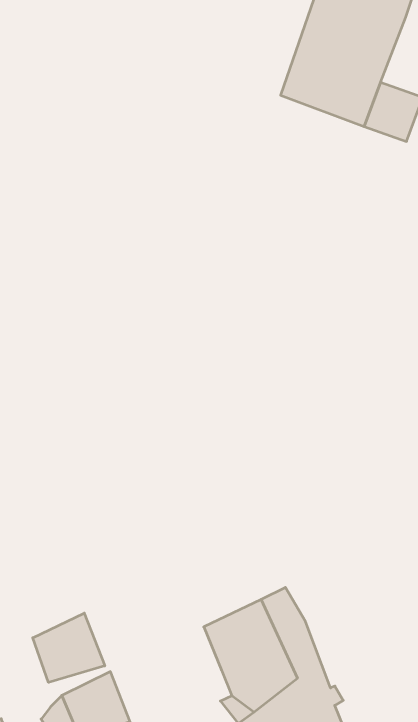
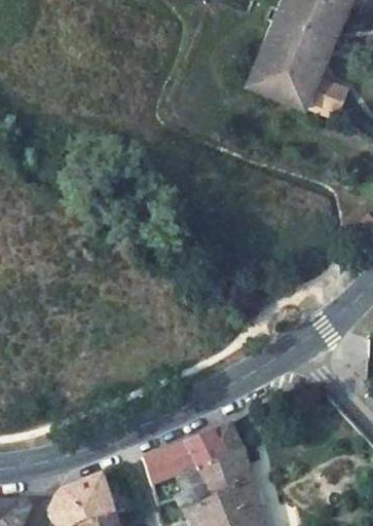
building: [33,613,105,682] -> none
building: none -> [145,445,182,484]

